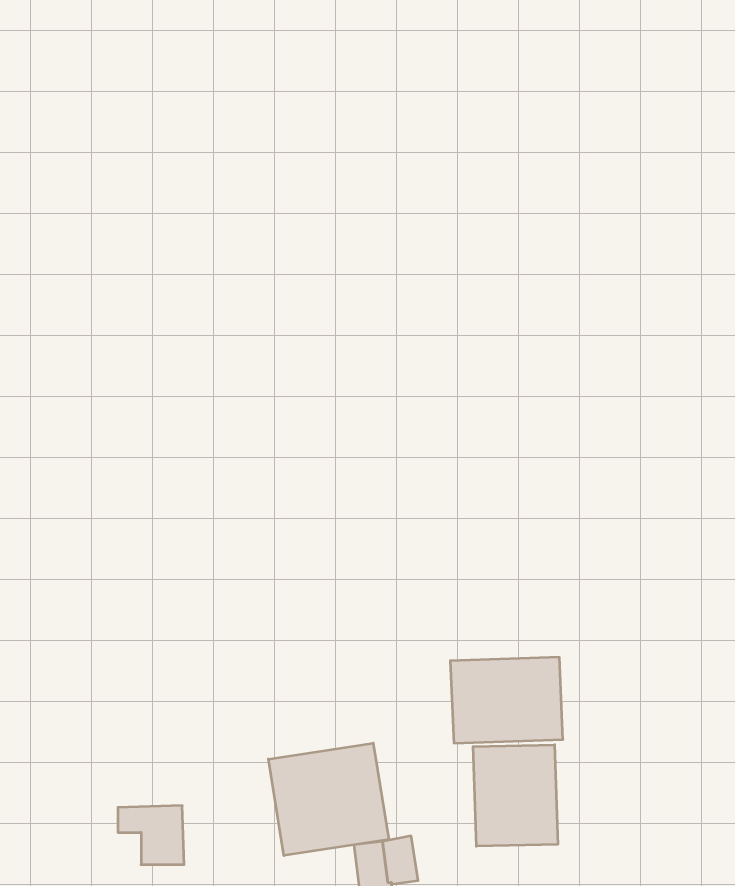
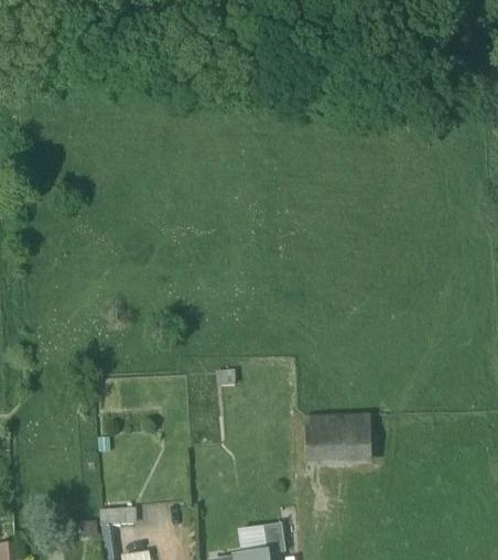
building: [268,743,389,856] -> none
building: [473,745,558,846] -> none

